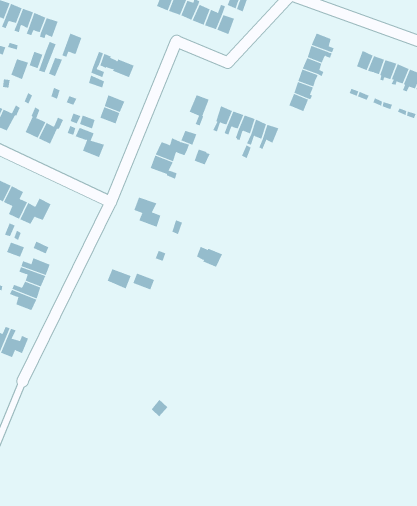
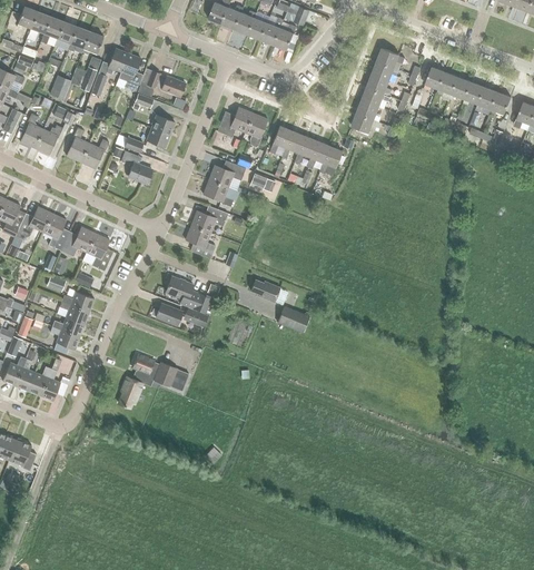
building: none -> [118,52,141,89]
building: none -> [216,108,251,138]
building: none -> [189,205,227,232]
building: none -> [86,233,112,269]
building: none -> [166,275,211,312]
building: none -> [278,305,309,332]
building: none -> [117,353,188,405]

